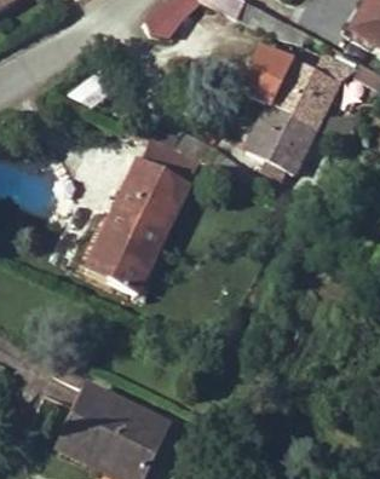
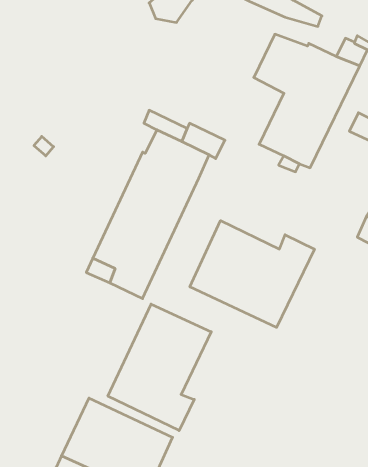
building: none -> [190,221,314,327]
building: none -> [108,304,211,431]

